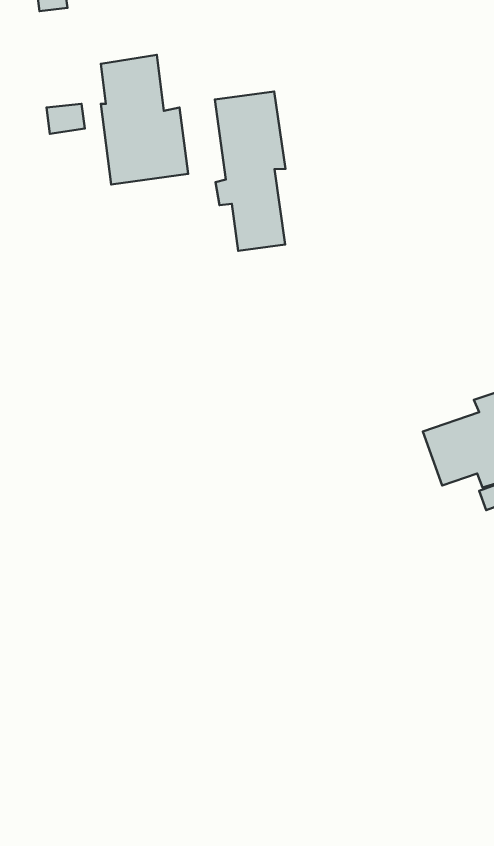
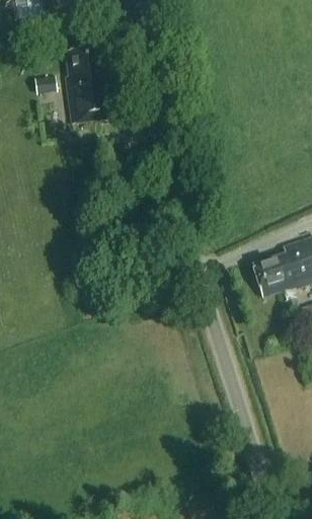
building: [215,92,286,251] -> none

